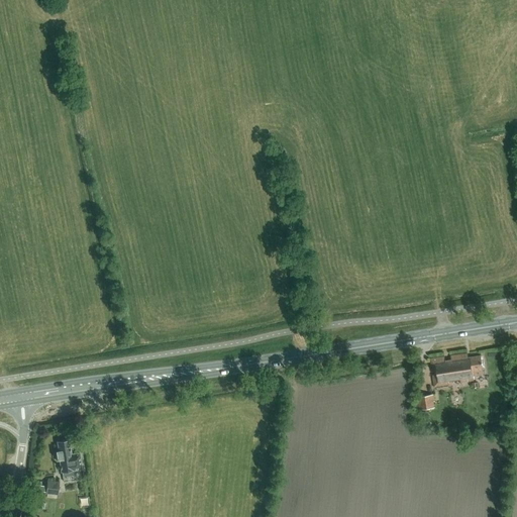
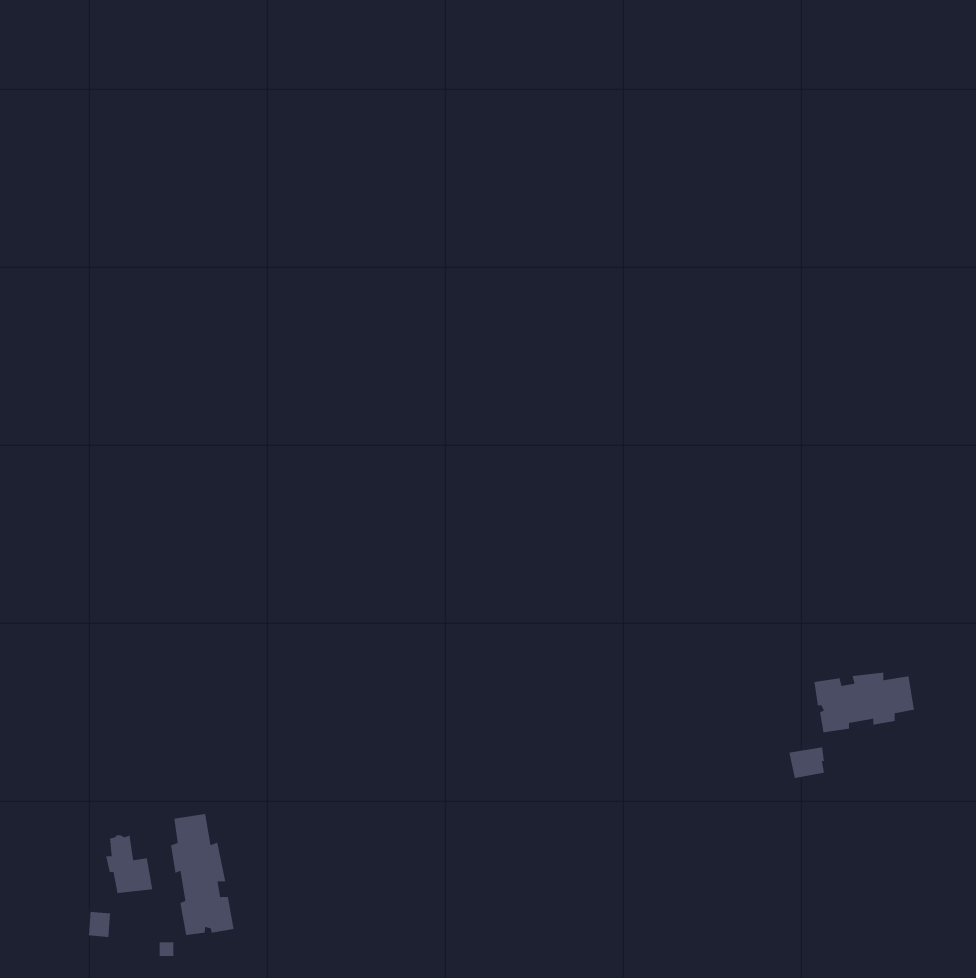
building: none -> [170,813,234,936]

